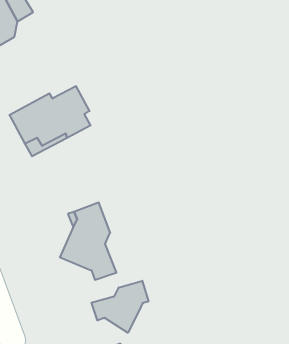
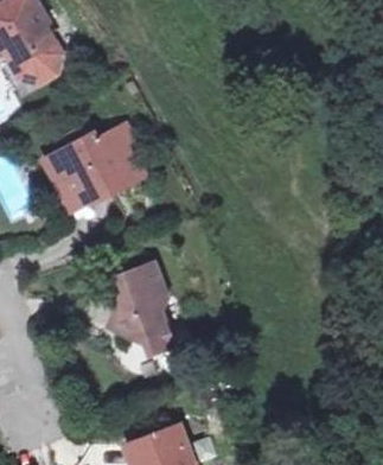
building: [91,281,148,333] -> none

